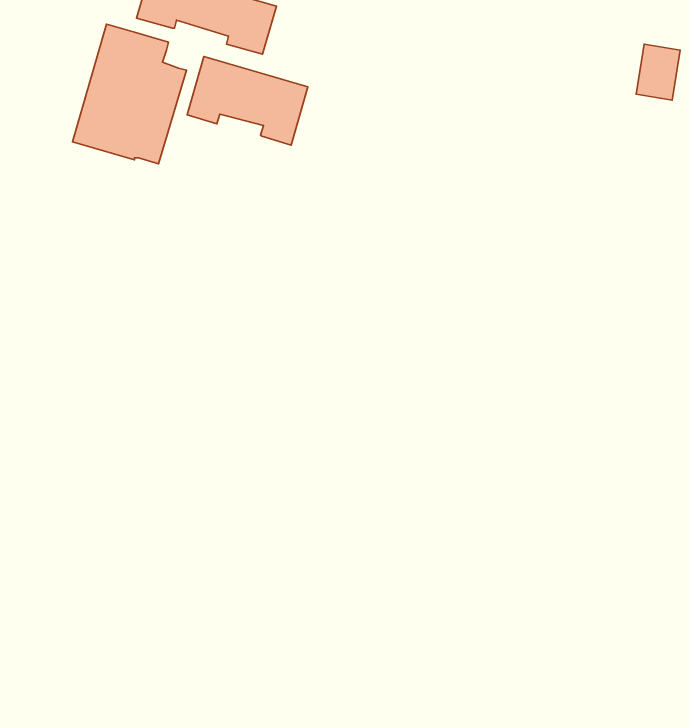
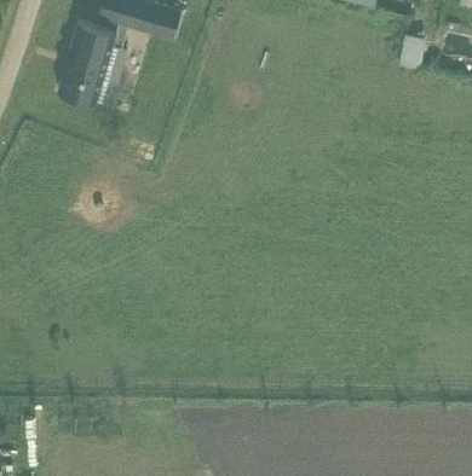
building: [187,57,308,145] -> none

